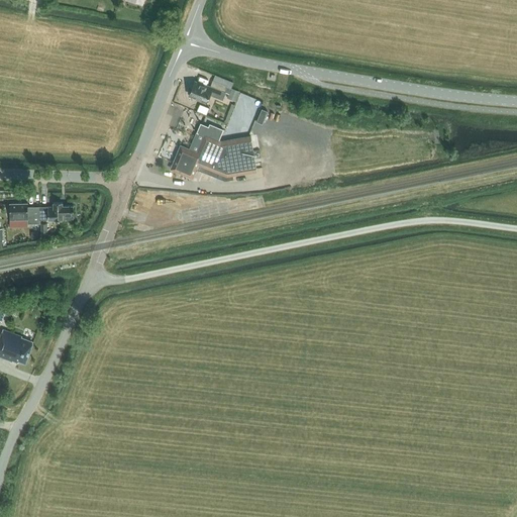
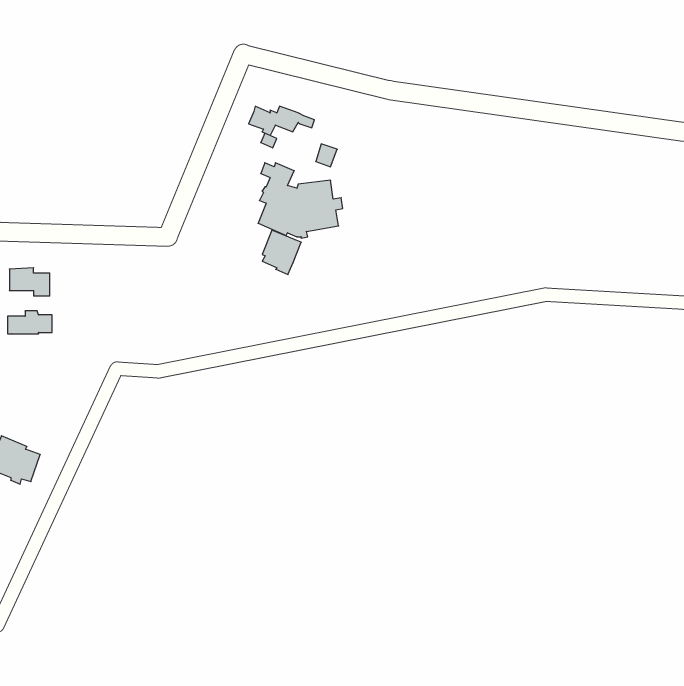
building: [171,143,200,177] -> [262,230,301,275]
building: [37,201,71,218] -> [8,311,52,334]

